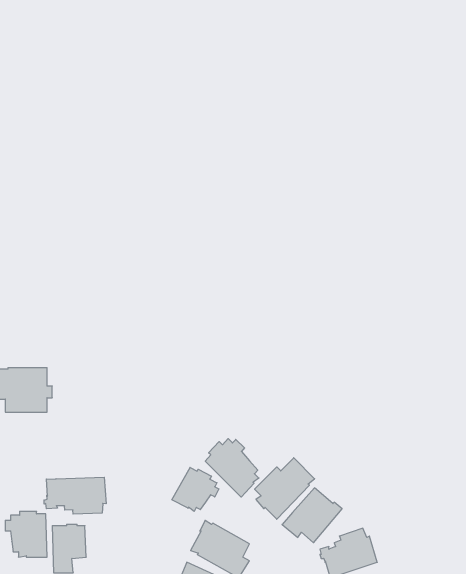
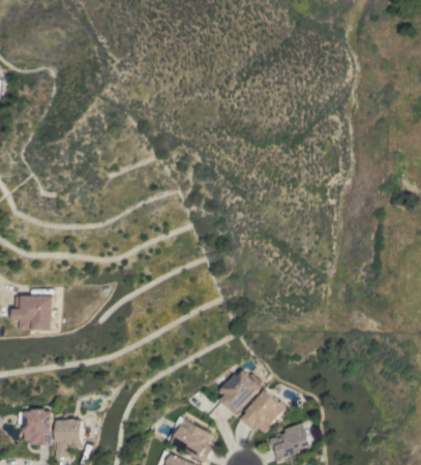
building: [205,439,259,497] -> none
building: [172,467,219,511] -> none
building: [44,477,106,514] -> none

